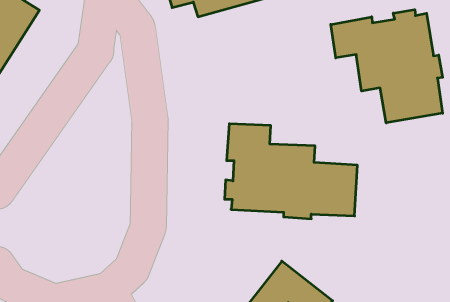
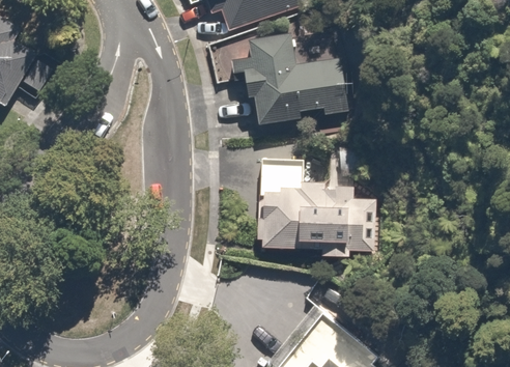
building: [331,10,443,123] -> none
building: none -> [239,28,352,130]

